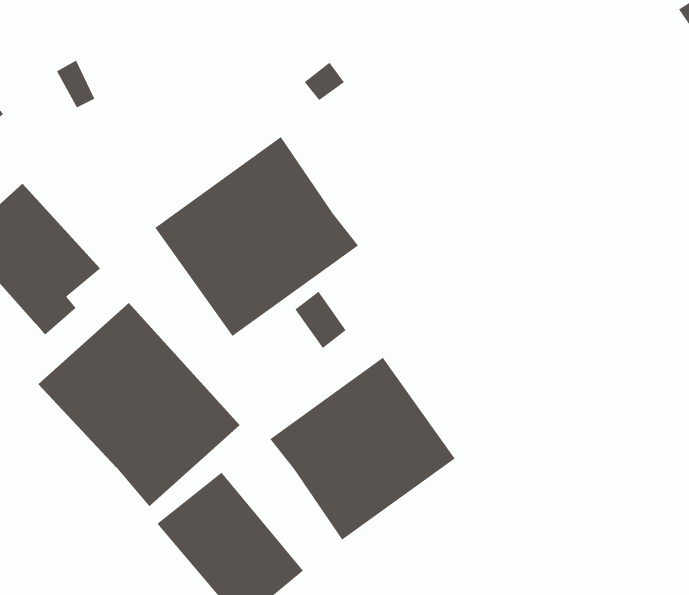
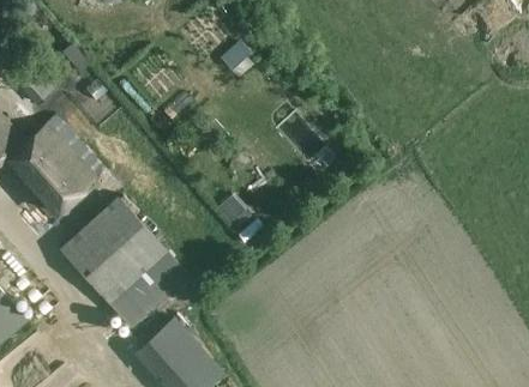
building: [154,136,359,337] -> none
building: [270,357,456,541] -> none

